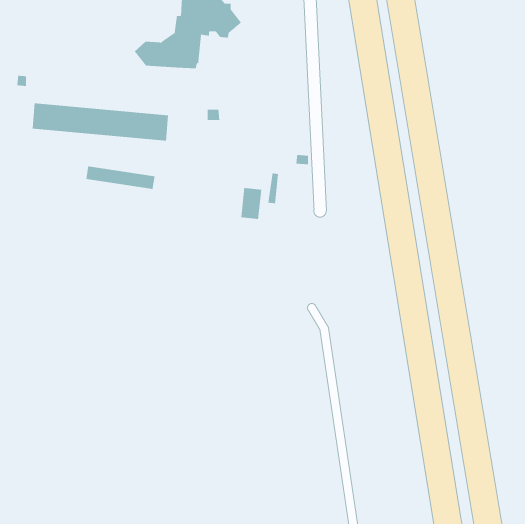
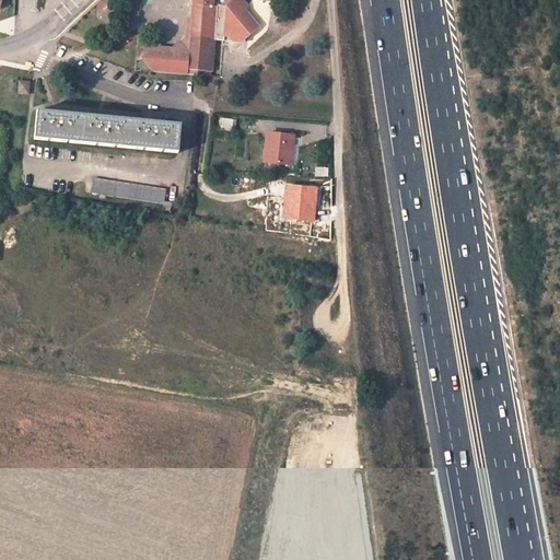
building: none -> [264,131,294,162]
building: [240,188,262,219] -> [294,185,317,219]

